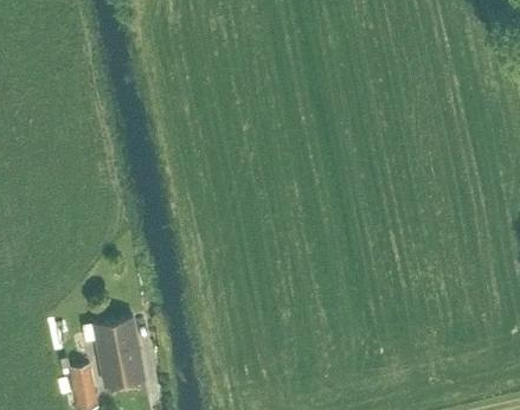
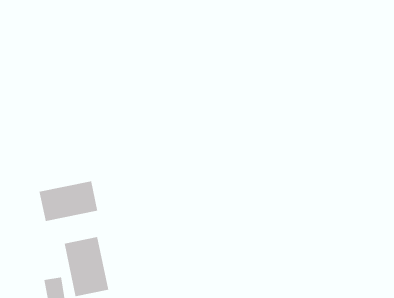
building: none -> [39,180,98,222]

